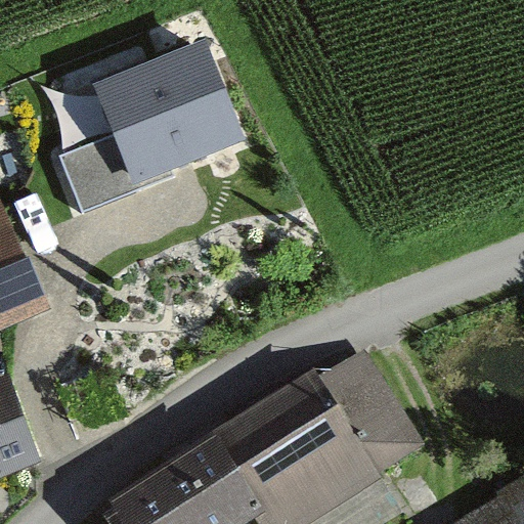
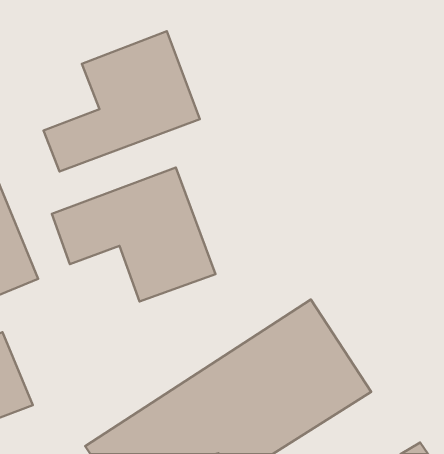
building: none -> [52,168,216,301]

